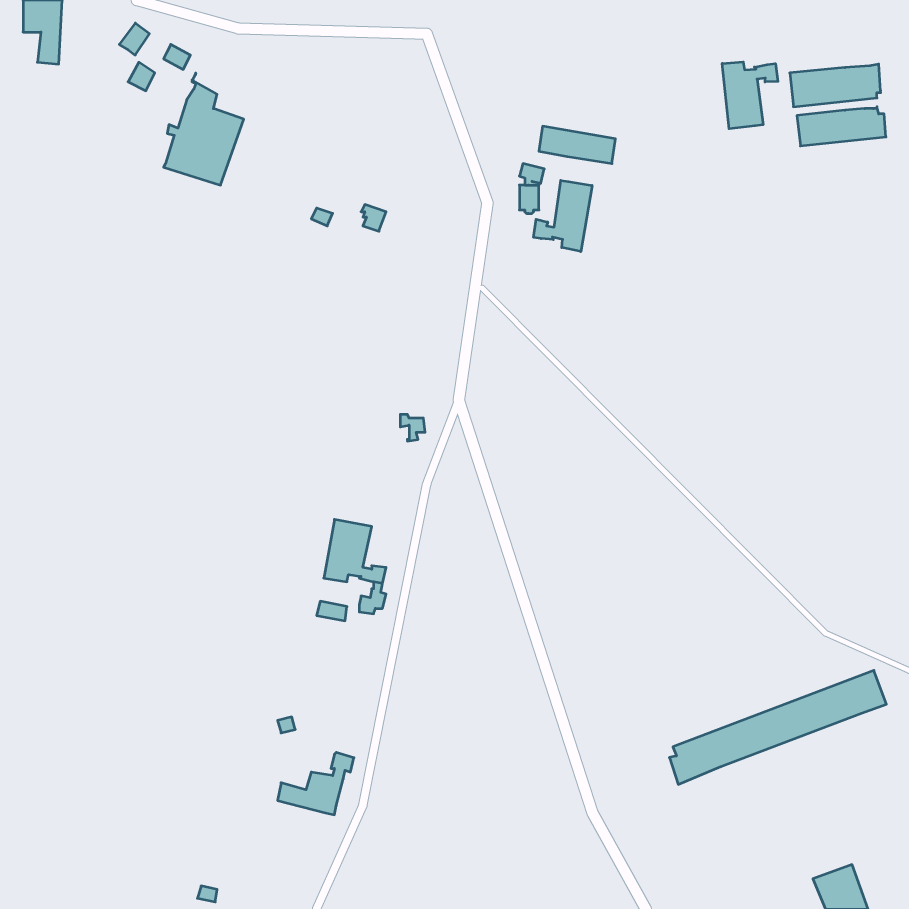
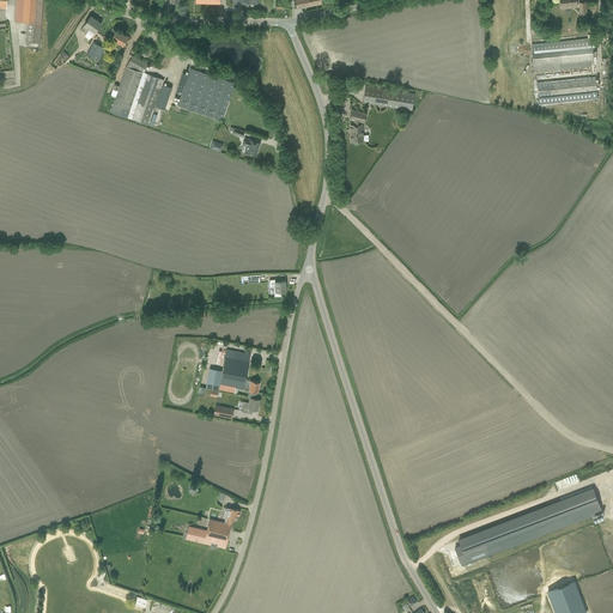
building: [722,62,778,129] -> none
building: none -> [175,68,235,120]
building: [534,180,592,252] -> none
building: [669,670,886,784] -> [455,488,601,565]

